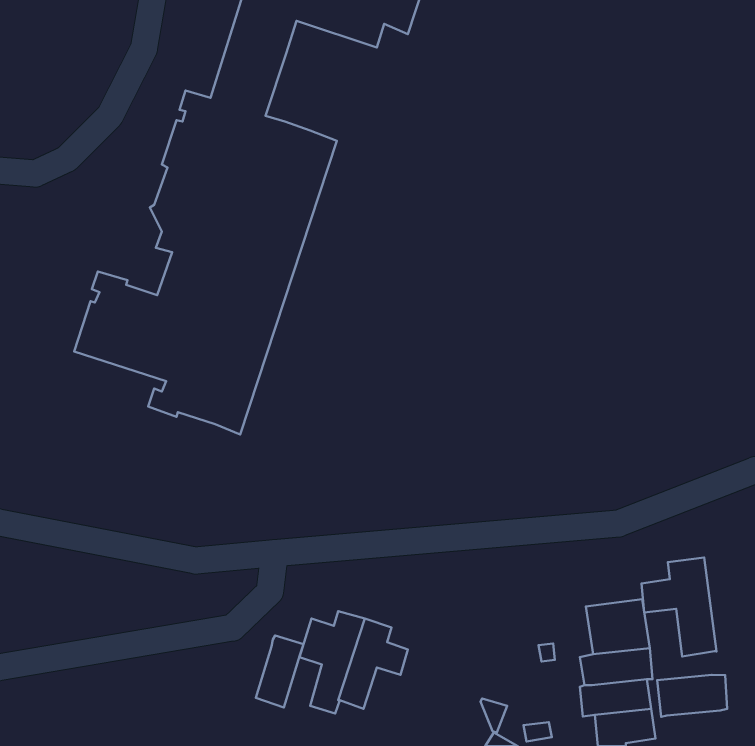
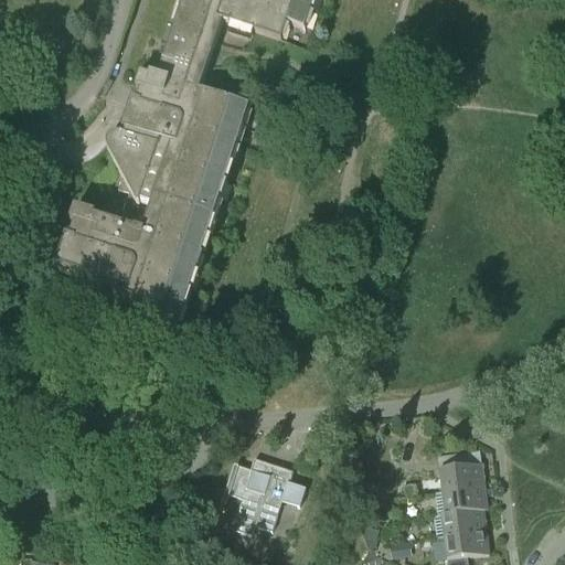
building: [642,557,716,657] -> none
building: [256,636,304,708] -> none
building: [657,675,727,717] -> none

